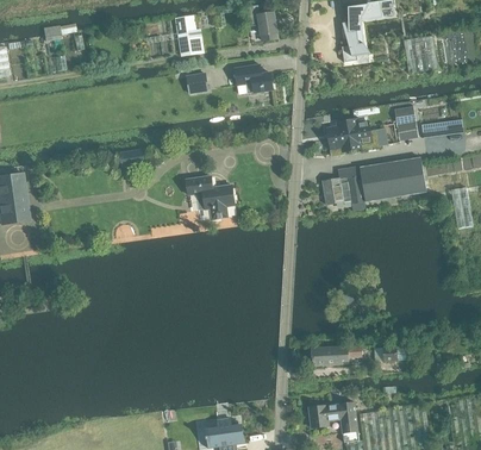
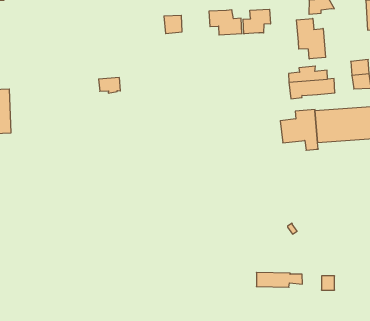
building: none -> [243,9,270,34]
building: none -> [296,18,326,59]
building: [186,175,233,219] -> none

